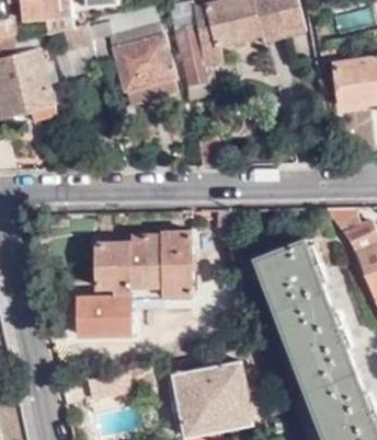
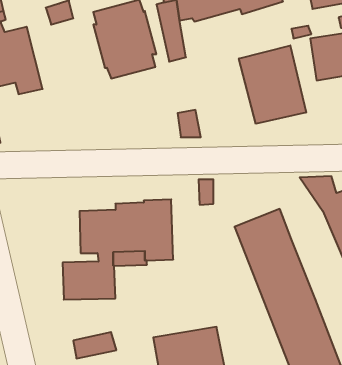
building: none -> [239,45,306,124]

